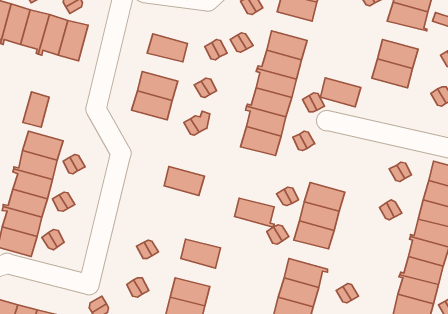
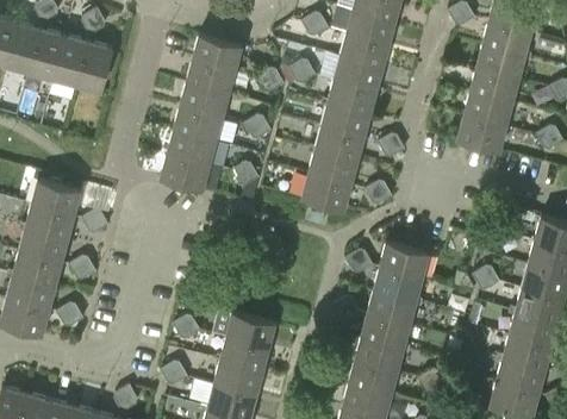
building: none -> [339,32,390,68]
building: none -> [193,35,243,71]
building: none -> [476,44,531,79]
building: none -> [180,83,230,118]
building: [320,78,361,107] -> [457,114,507,150]
building: [23,92,49,127] -> none
building: [164,167,205,195] -> [161,154,211,189]
building: [234,198,274,227] -> [361,314,410,350]
building: none -> [220,337,270,371]

